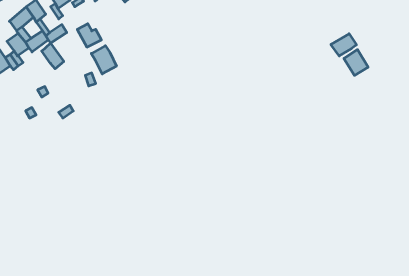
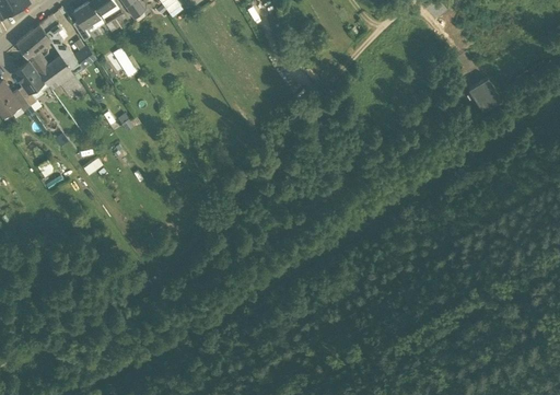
building: [331,34,356,56] -> none
building: [42,43,64,69] -> none
building: [91,46,116,74] -> none

